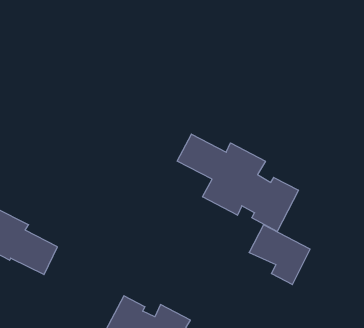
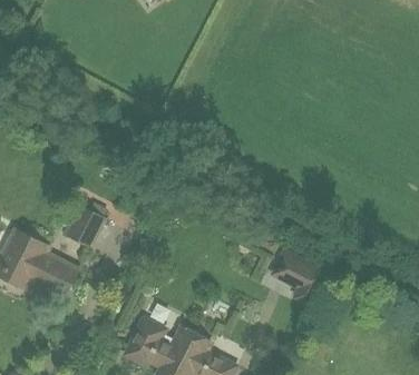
building: [177,134,298,232] -> none
building: none -> [66,205,104,244]

